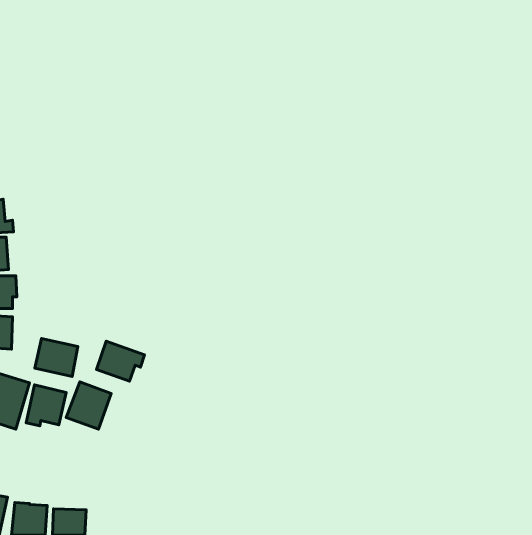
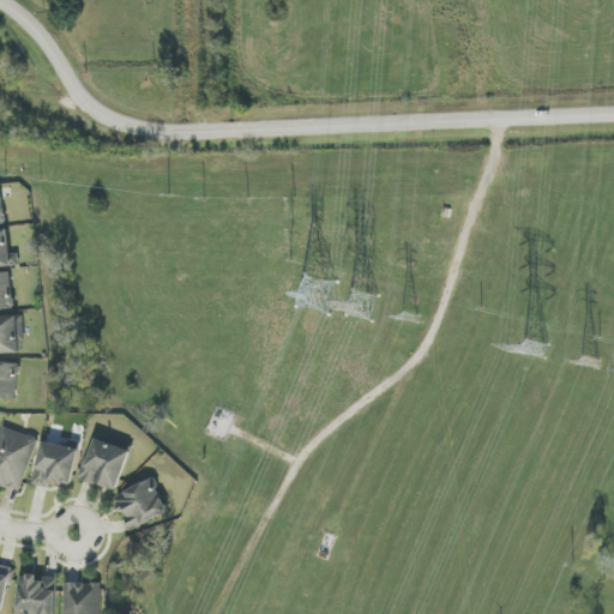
building: [35,338,78,377] -> none
building: [96,341,145,381] -> none
building: none -> [110,477,165,530]

